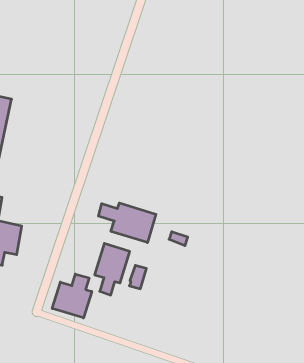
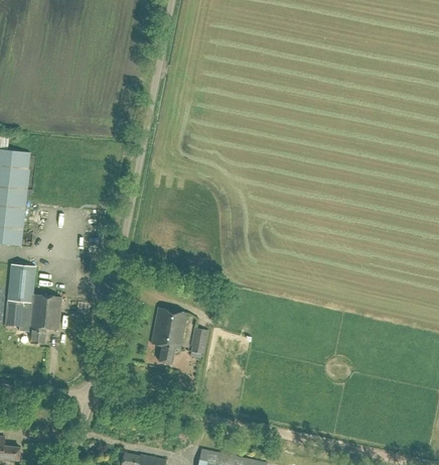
building: [98,203,156,243] -> none
building: [52,274,92,318] -> none

